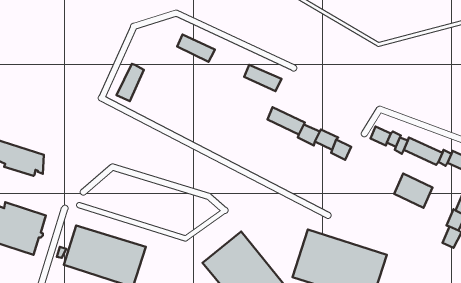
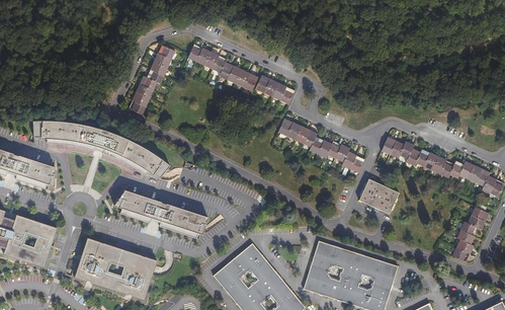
building: none -> [146,44,174,82]
building: none -> [219,63,256,90]
building: none -> [32,120,169,176]
building: [394,174,433,208] -> [359,177,398,212]
building: none -> [113,188,207,237]

